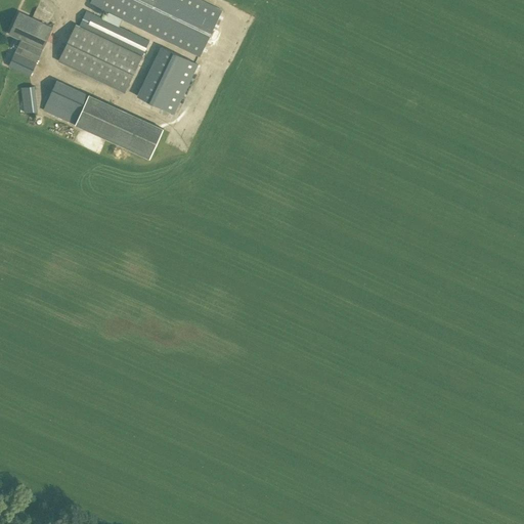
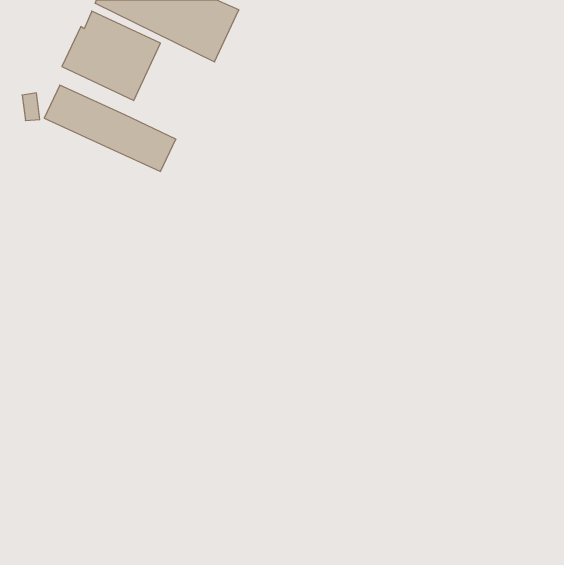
building: [7,11,51,76] -> none
building: [136,45,198,115] -> none

